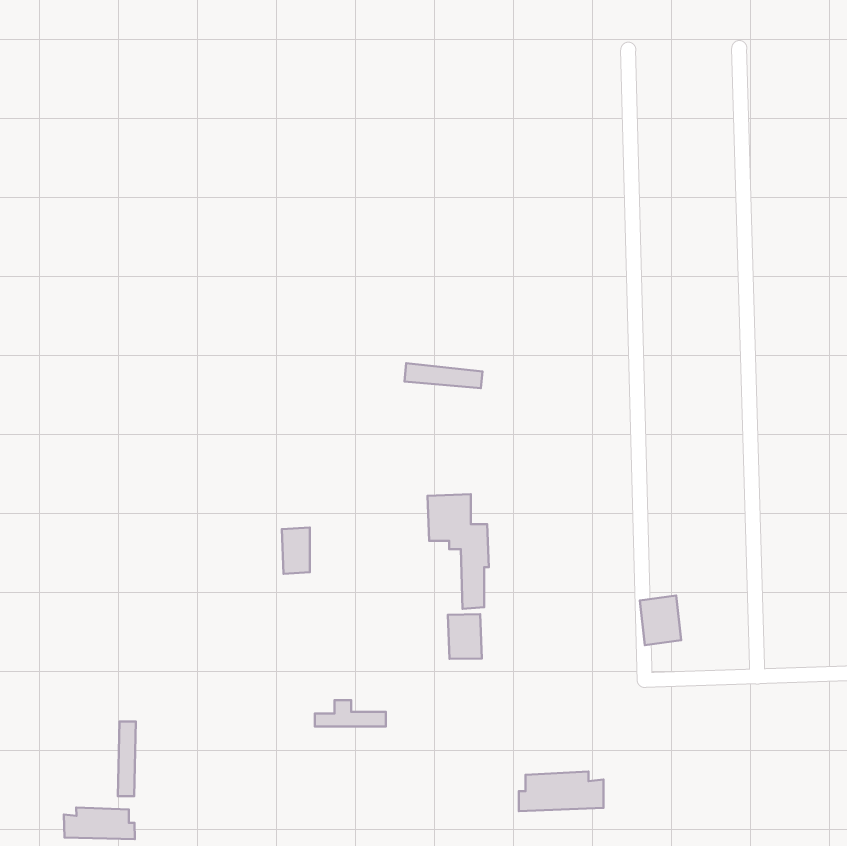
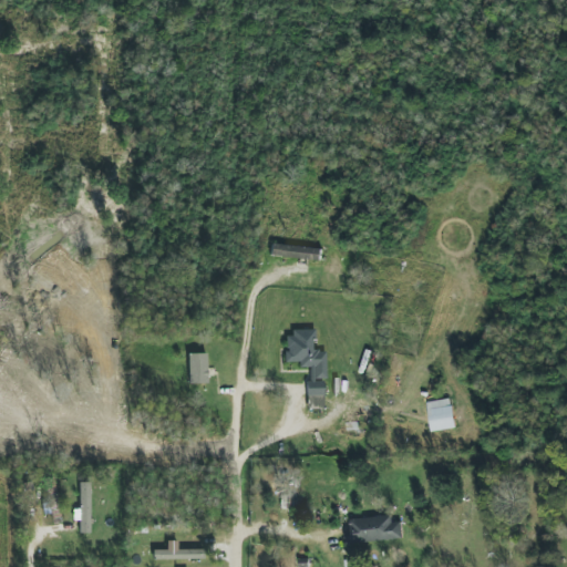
building: [448,614,482,659] -> none
building: [315,700,386,727] -> [153,540,200,558]
building: [64,808,135,839] -> none

